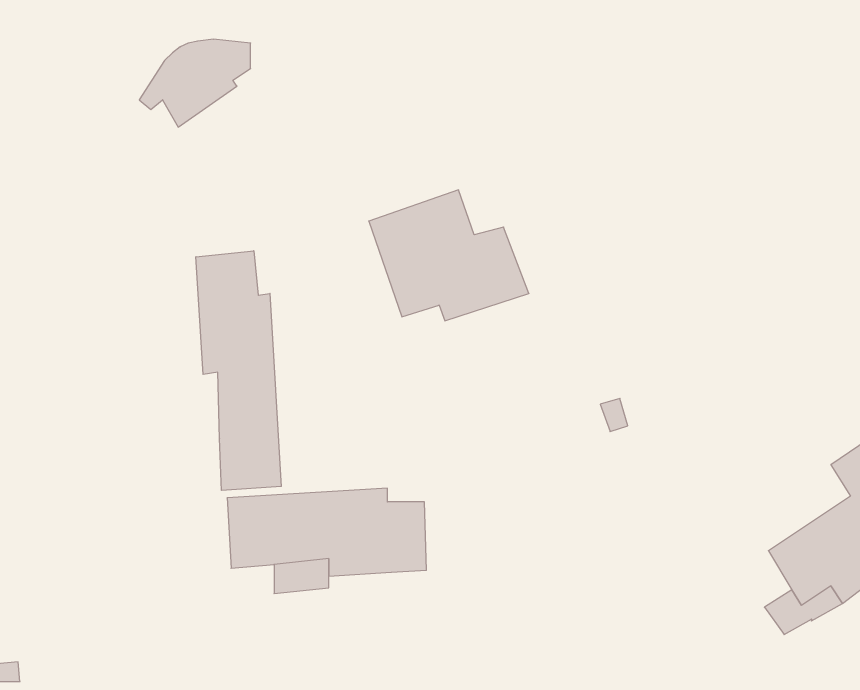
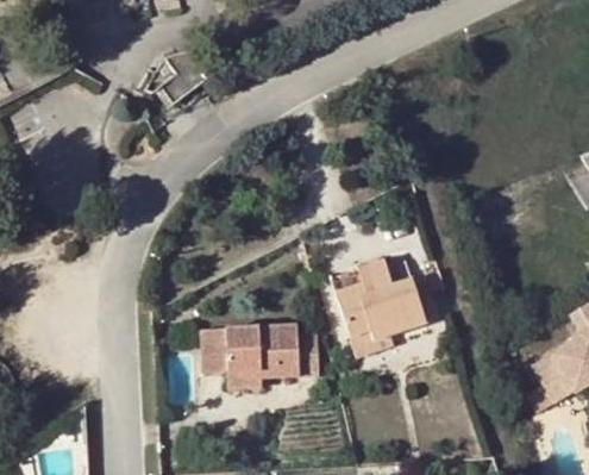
building: [369,190,529,321] -> [331,260,428,339]
building: [196,251,281,490] -> none

